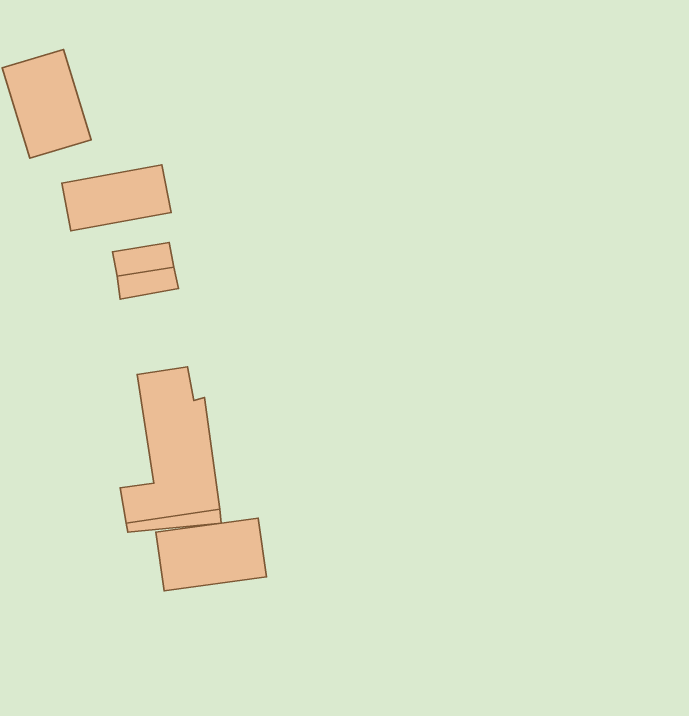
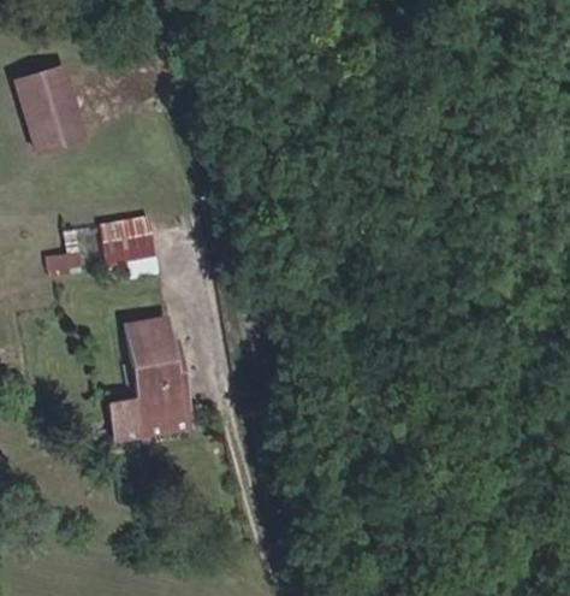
building: [62,165,171,231] -> none
building: [156,518,266,591] -> none

